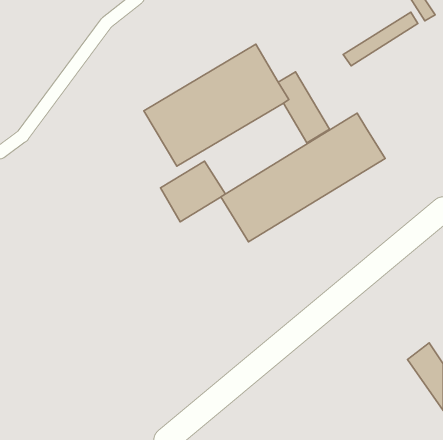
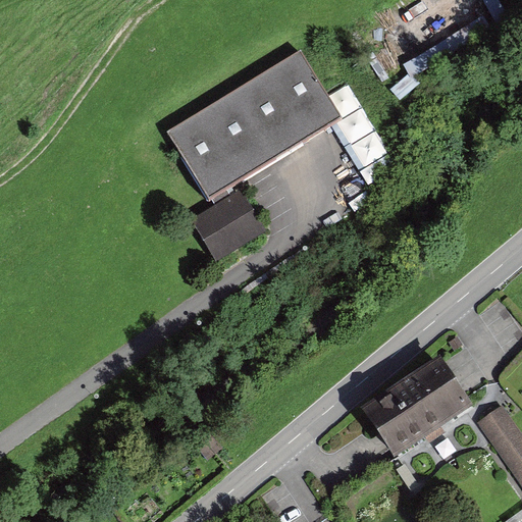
building: [221,113,385,242] -> none
building: none -> [356,357,466,458]

